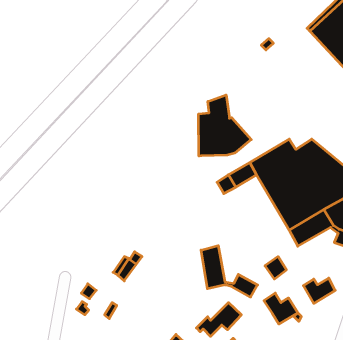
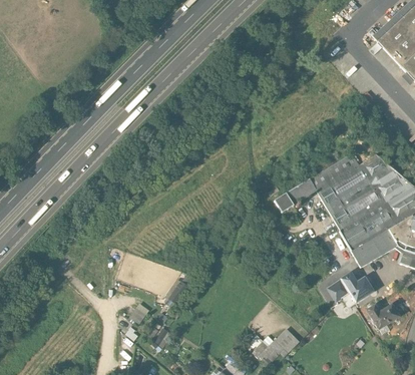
building: [199,95,251,156] -> none
building: [201,246,258,297] -> none
building: [264,293,298,324] -> [340,271,376,304]

